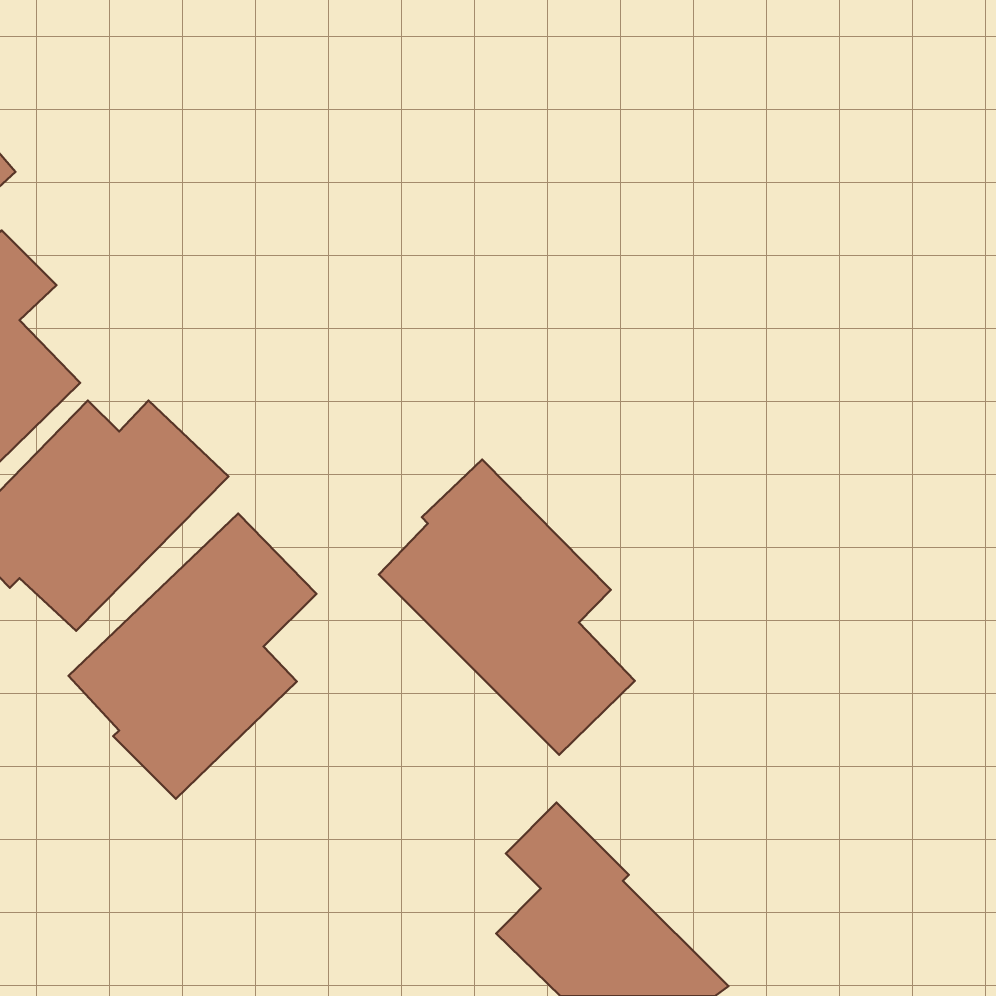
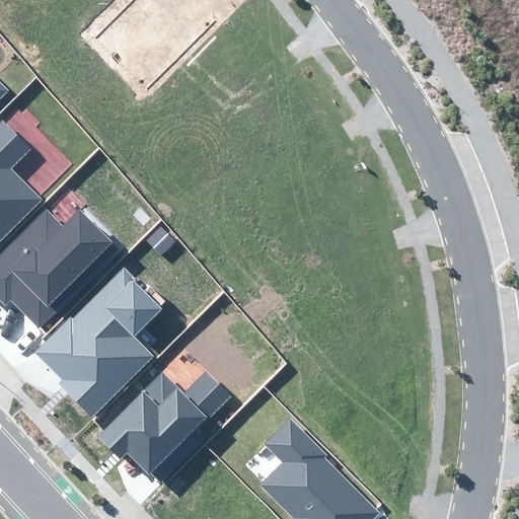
building: [379,460,635,755] -> none
building: none -> [97,372,228,474]

